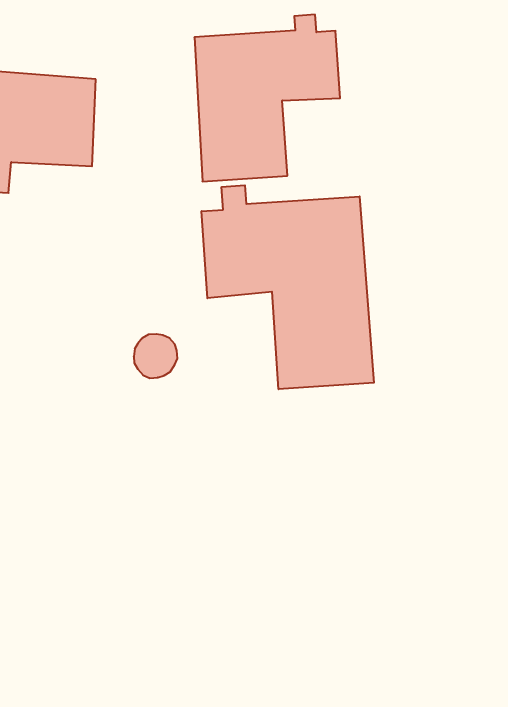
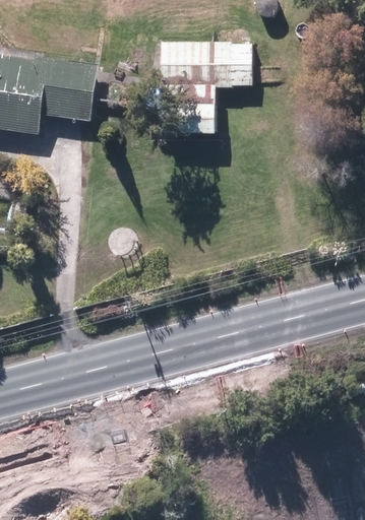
building: [202,185,374,389] -> none

